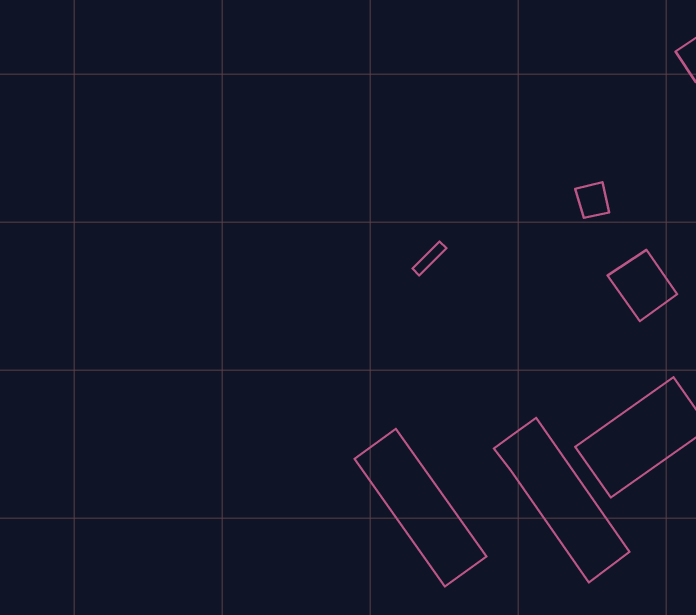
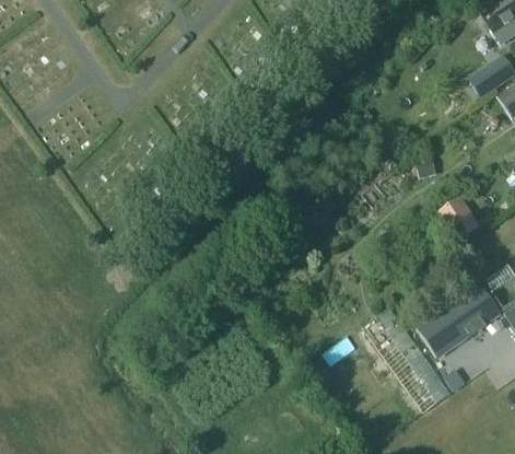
building: [354,429,486,587] -> none

